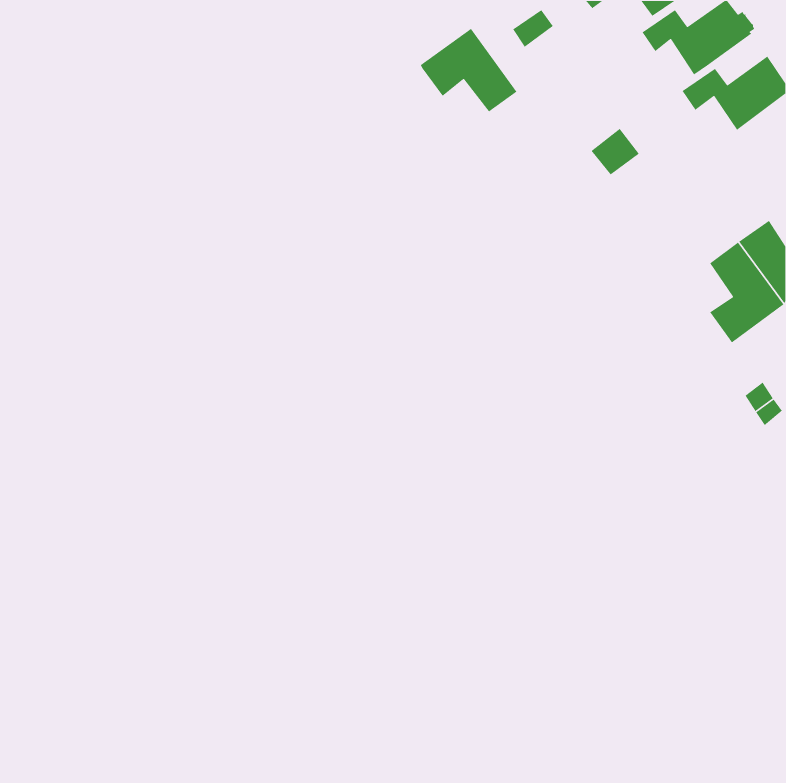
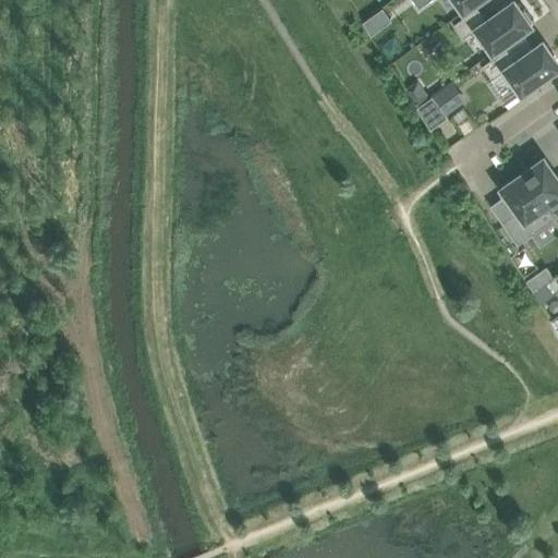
building: [420,28,518,113] -> none

